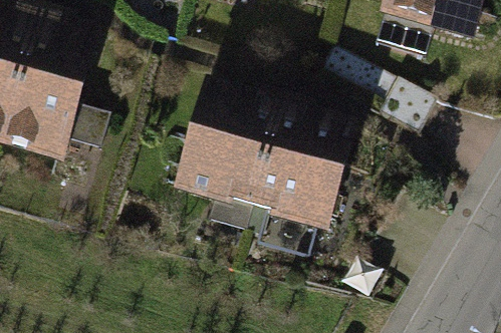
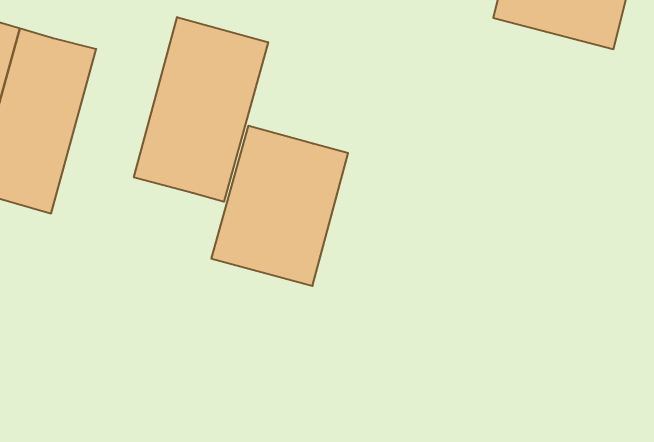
building: none -> [134,17,268,202]
building: [249,114,350,232] -> none

